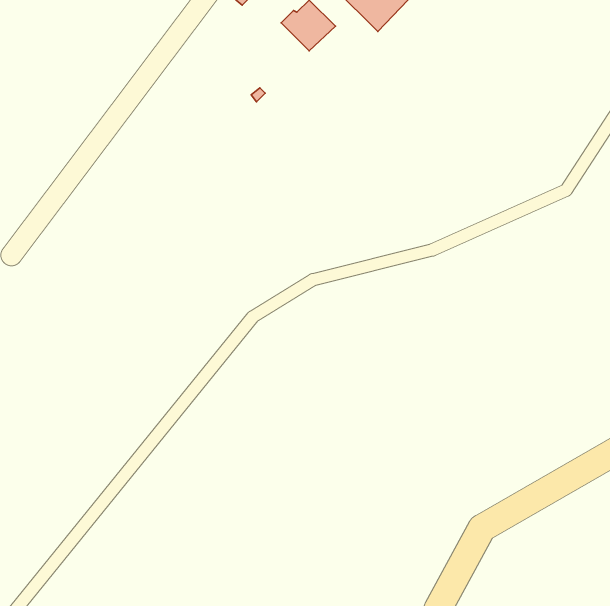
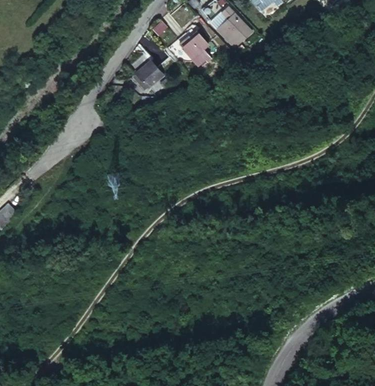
building: none -> [135,59,165,90]

